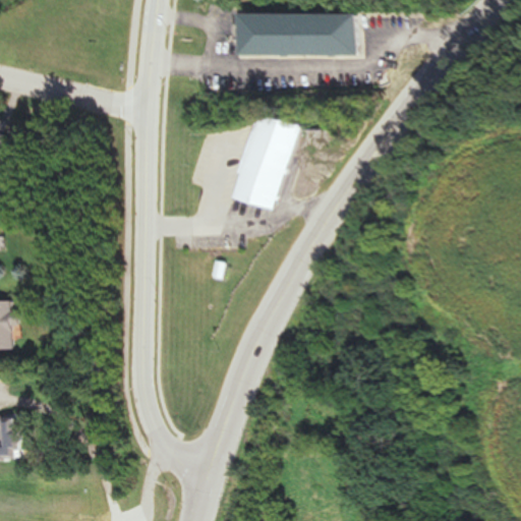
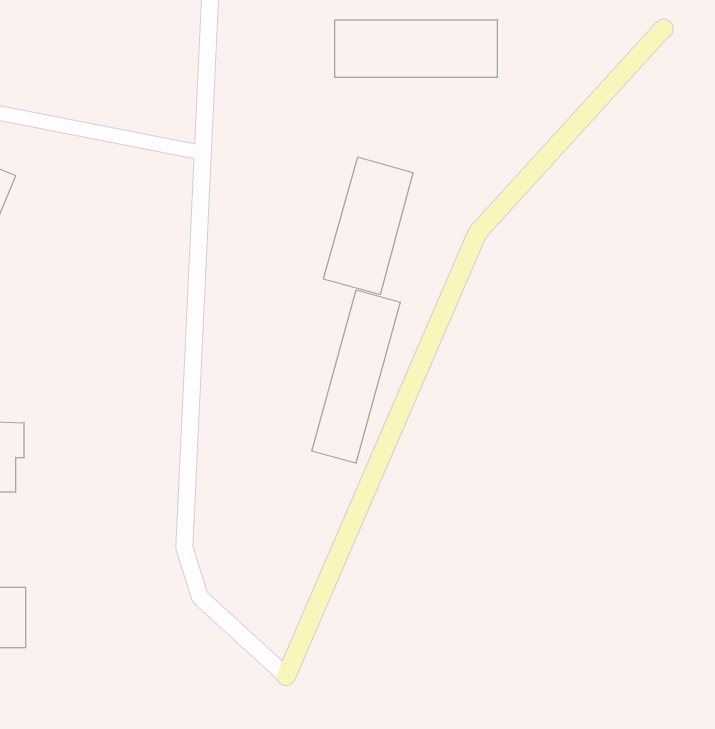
building: none -> [312,290,400,463]

